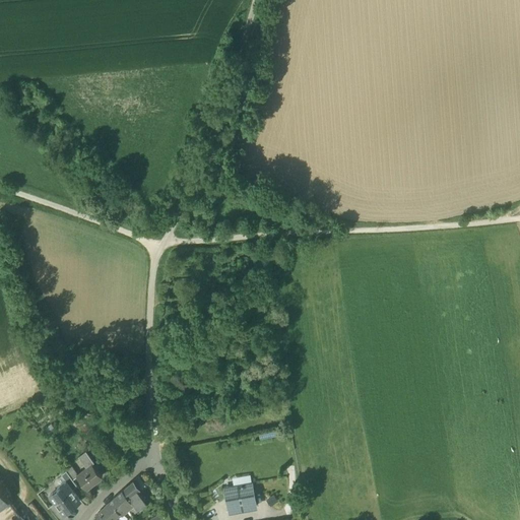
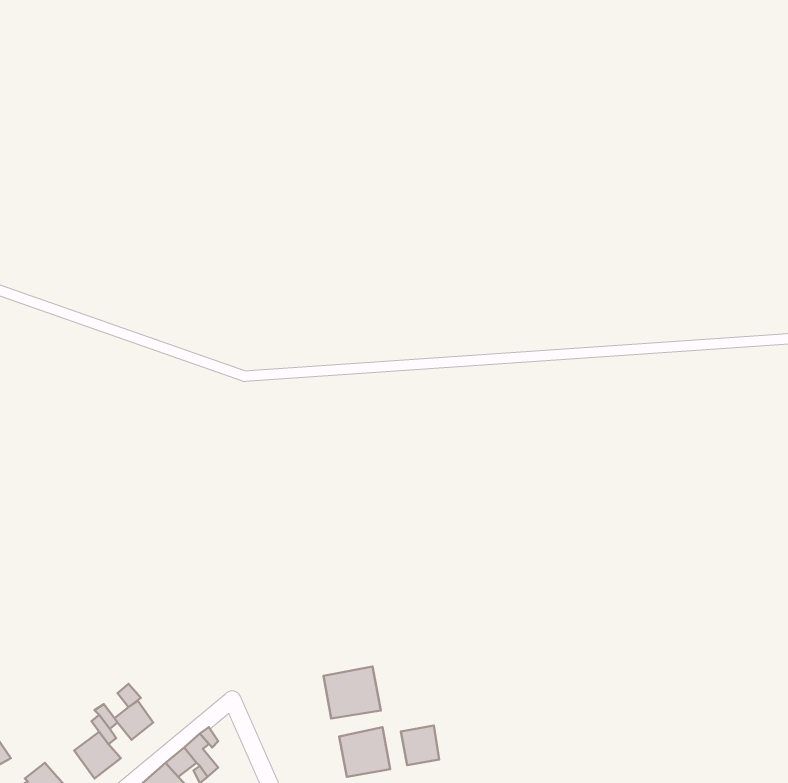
building: none -> [324,667,381,718]
building: none -> [401,725,439,765]

